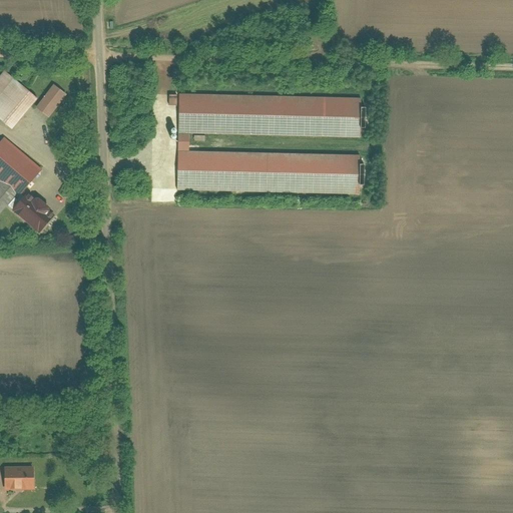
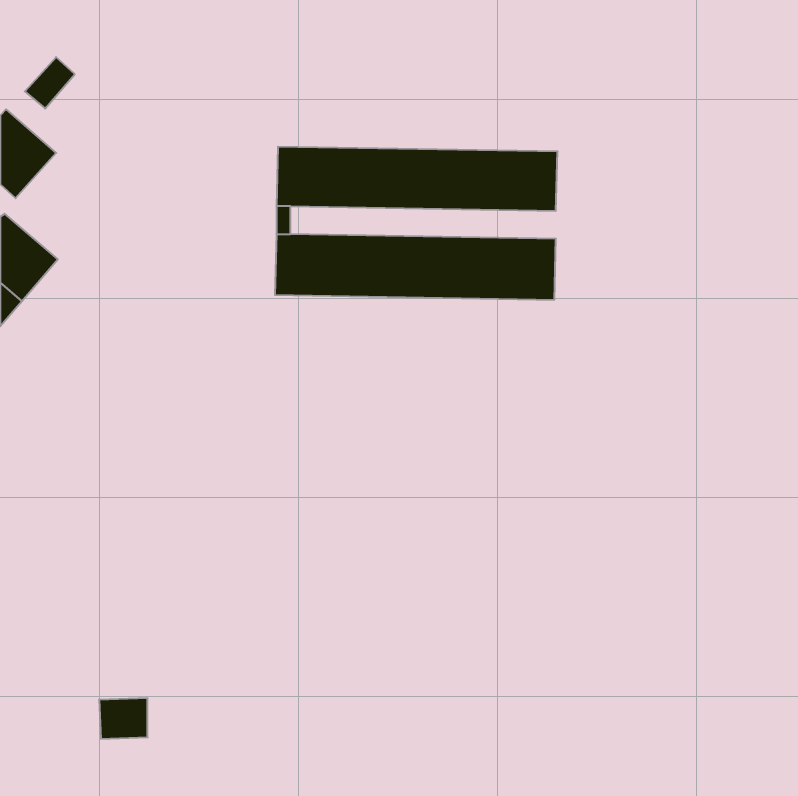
building: [33,84,65,117] -> [25,57,75,109]
building: [11,191,54,233] -> none
building: [4,465,35,491] -> [99,698,148,739]

